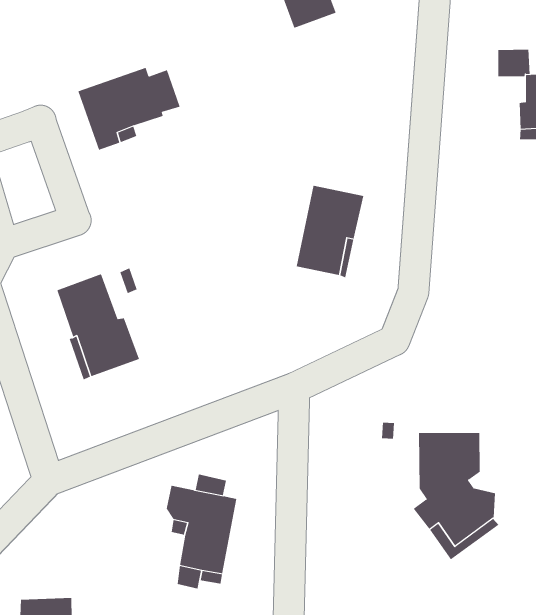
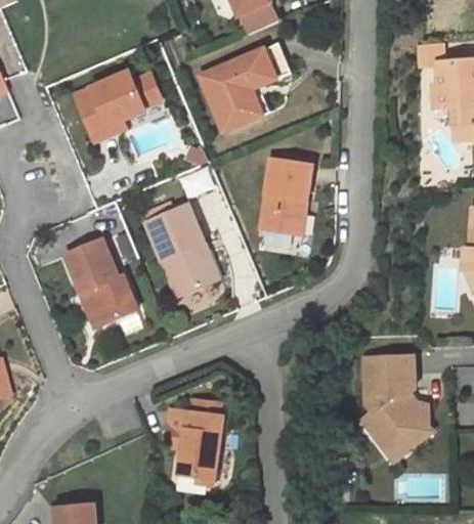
building: none -> [200,44,290,131]
building: none -> [146,205,214,295]

